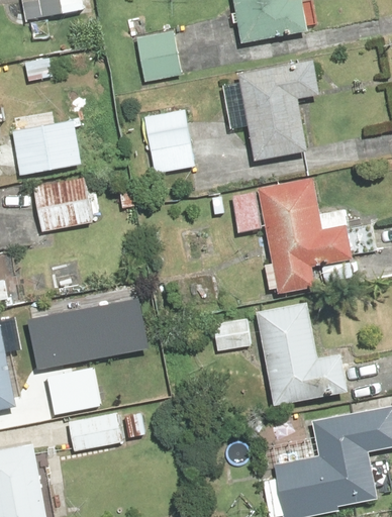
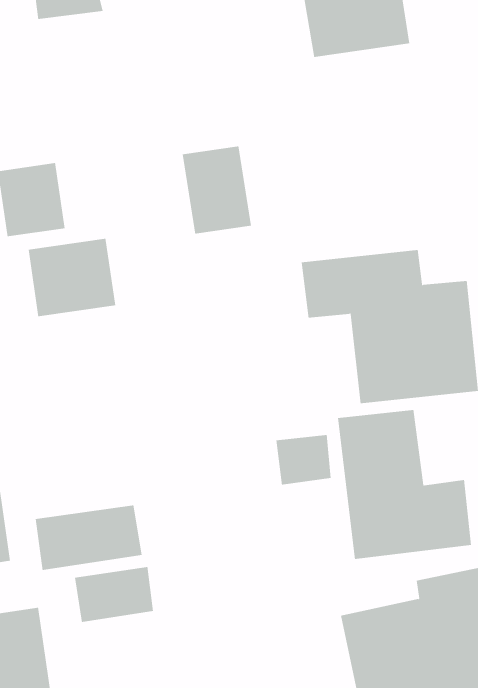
building: [133,29,182,82] -> none
building: [219,62,318,160] -> none
building: [23,300,145,369] -> none

